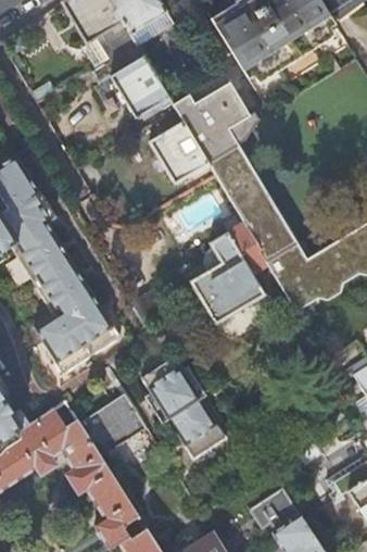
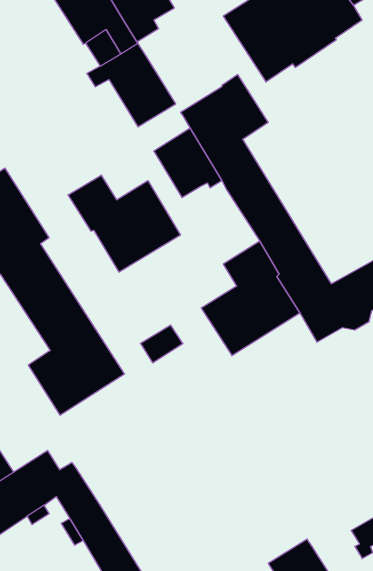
building: none -> [68,175,180,272]
building: [144,360,229,462] -> none
building: [79,393,148,456] -> none

